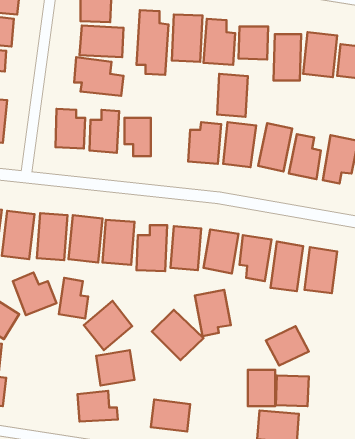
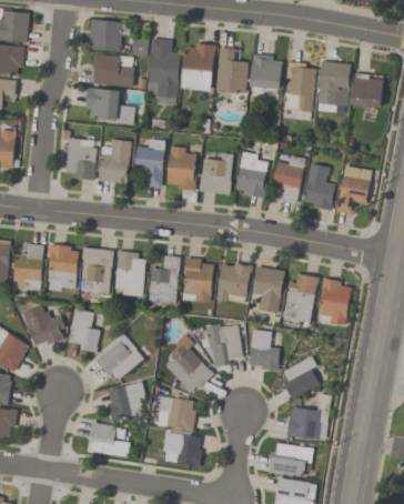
building: [217,74,248,117] -> [166,147,198,190]
building: none -> [152,396,195,430]
building: [248,370,275,406] -> [250,332,277,369]

